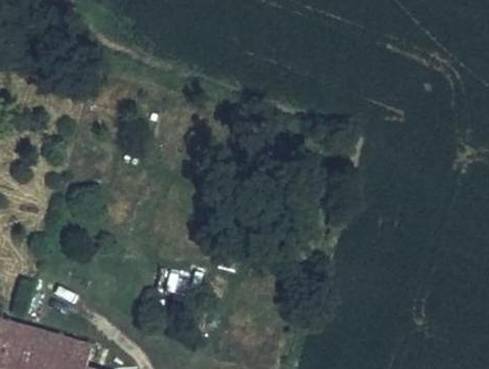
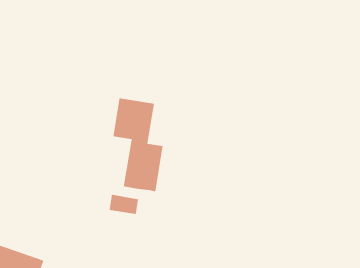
building: none -> [113,98,163,192]

